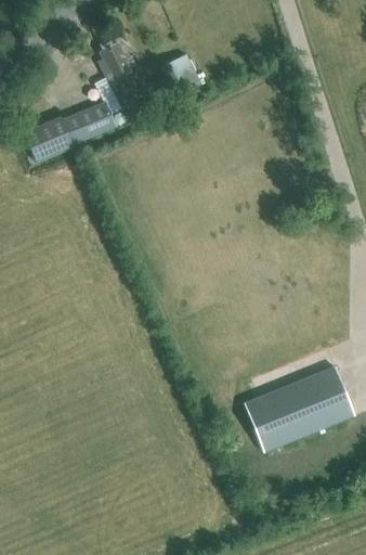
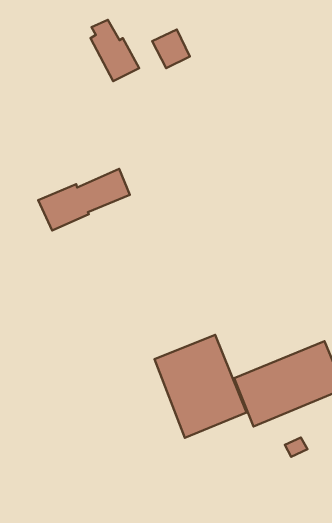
building: [23,101,115,163] -> [38,169,130,231]
building: none -> [154,335,247,438]

